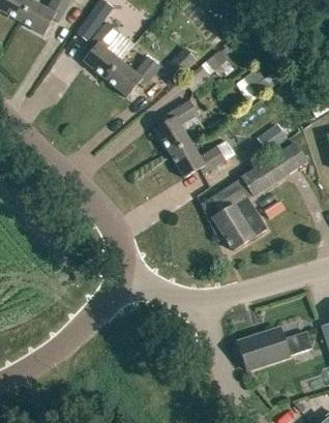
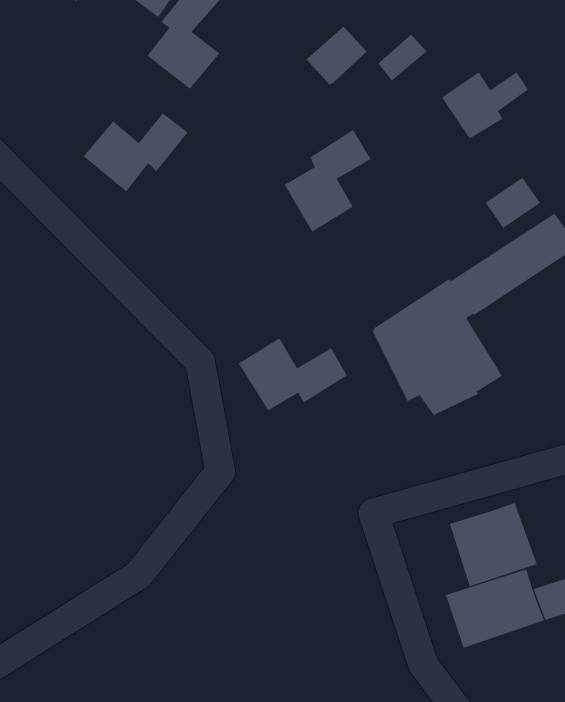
building: [106,56,160,97] -> [83,112,188,192]
building: [169,140,226,178] -> [238,338,347,411]
building: none -> [449,502,537,587]

